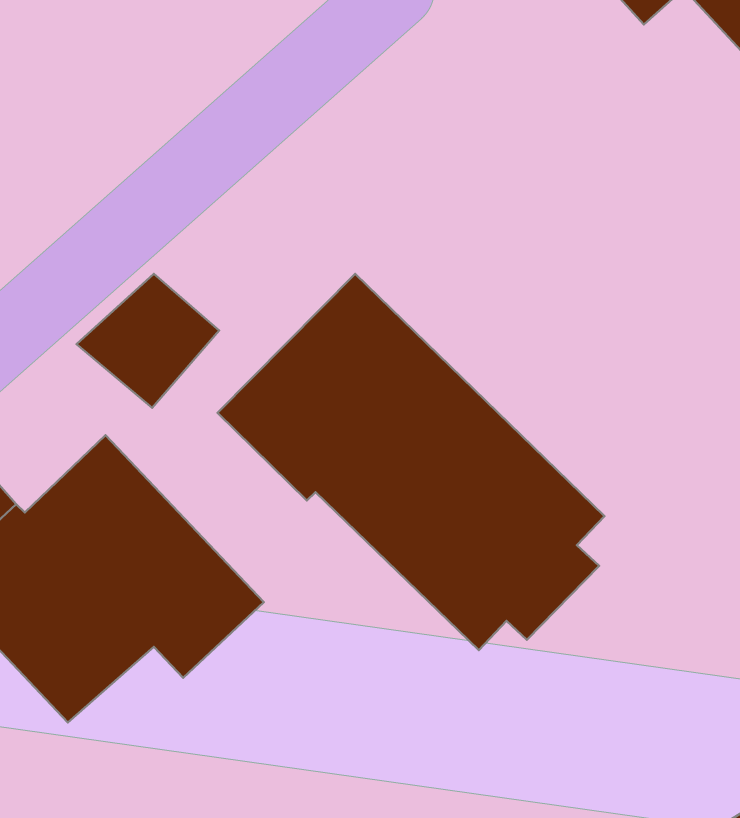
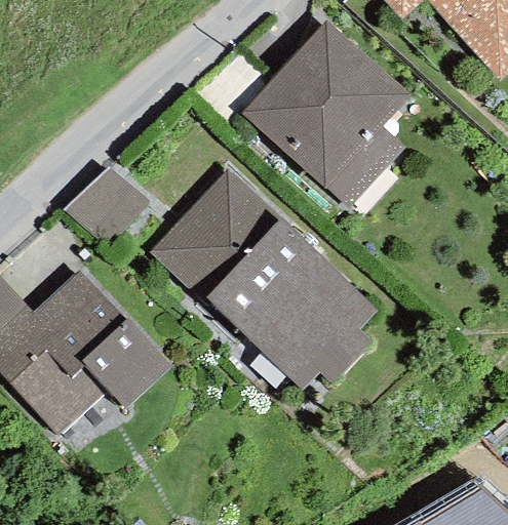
building: none -> [242,19,411,209]

